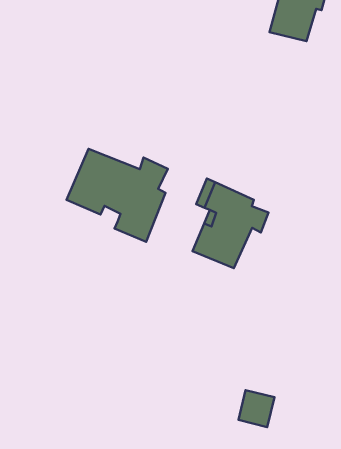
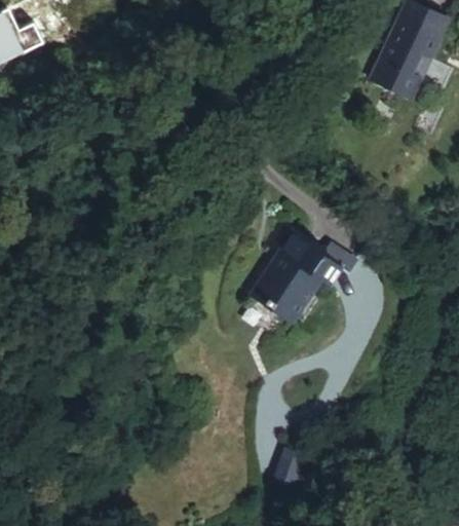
building: [66,149,168,242] -> none

